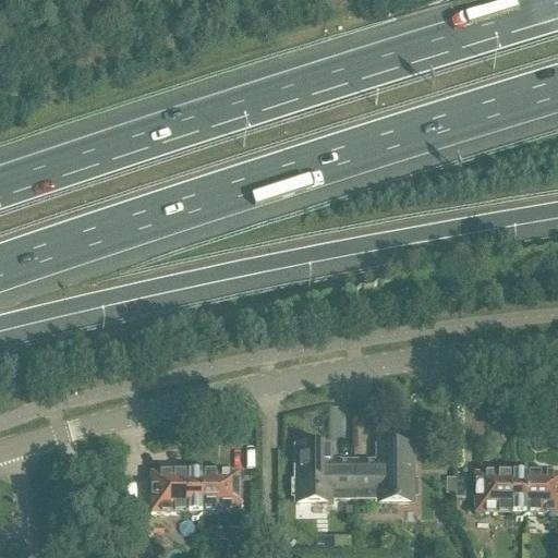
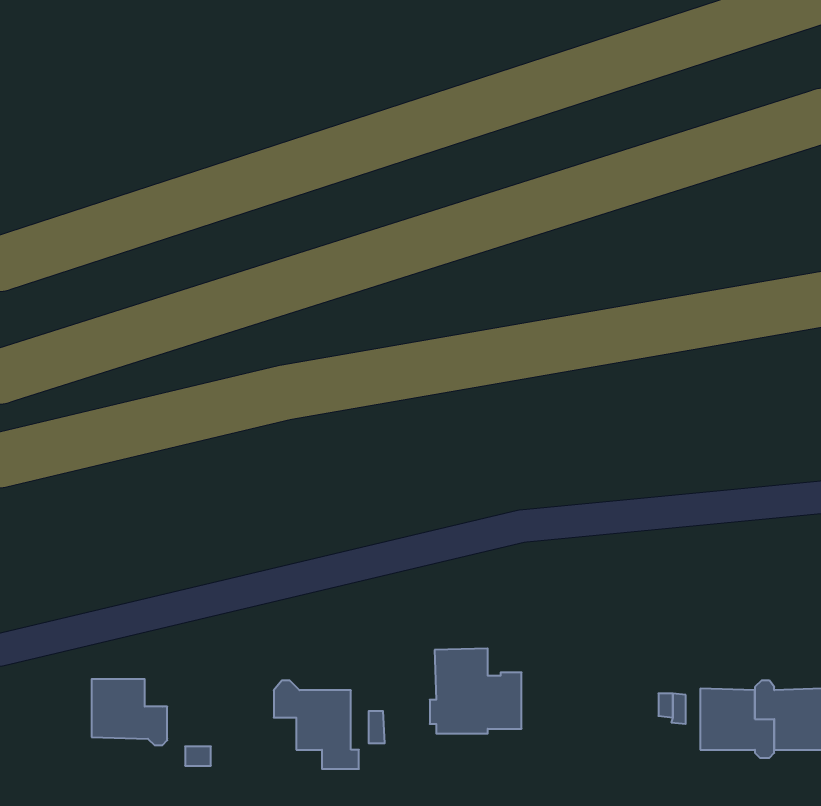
building: [354,439,417,497] -> none
building: [150,468,202,512] -> [92,679,167,745]

